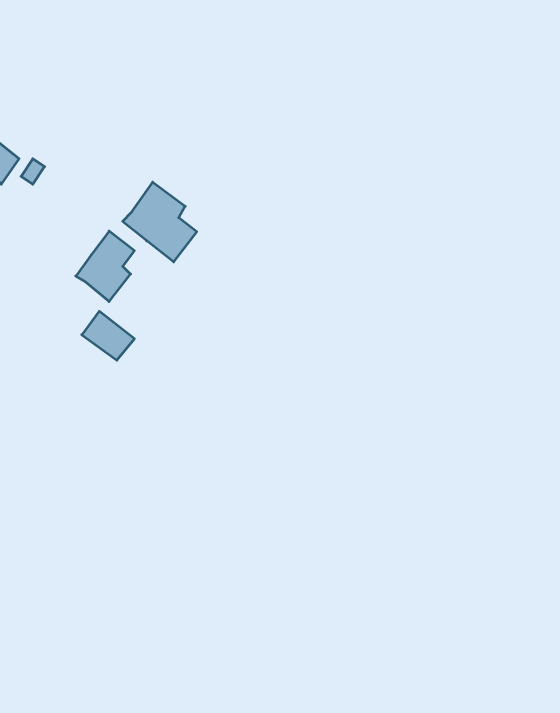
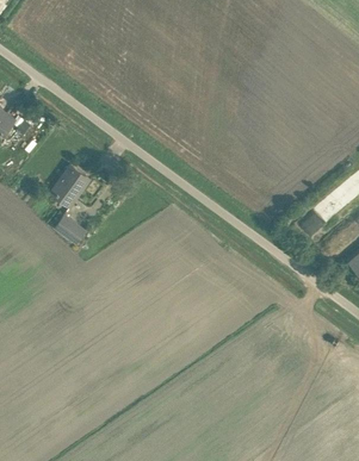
building: [123,182,197,262] -> none

